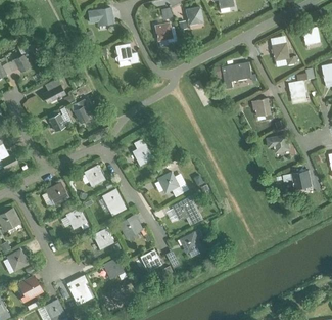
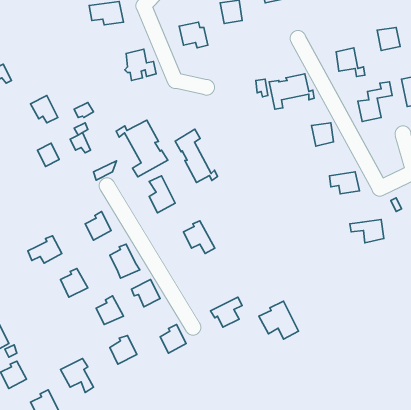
building: none -> [116,120,168,177]
building: none -> [175,129,218,182]
building: [172,196,201,225] -> [259,301,298,339]

